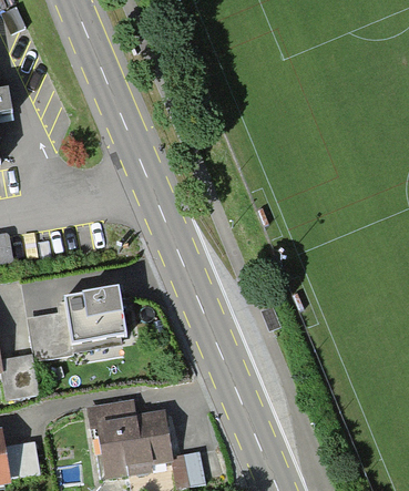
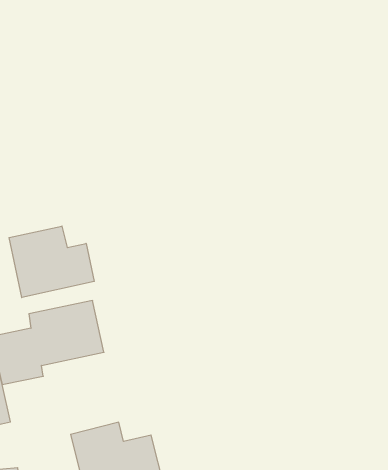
building: none -> [9,226,94,298]

